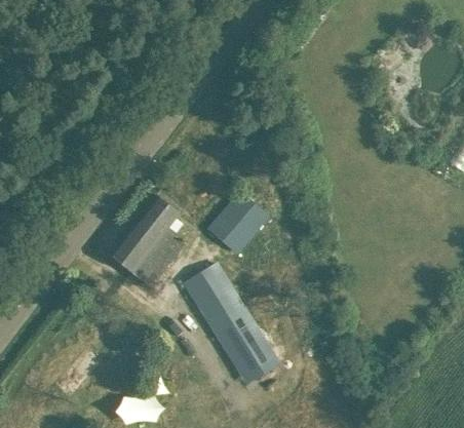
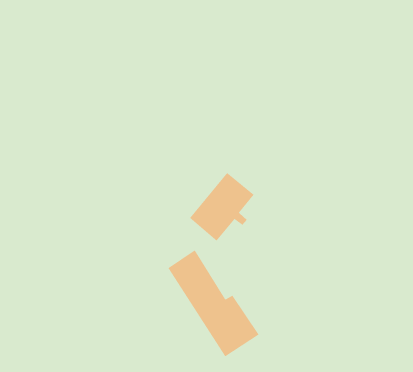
building: [108,197,183,289] -> none

